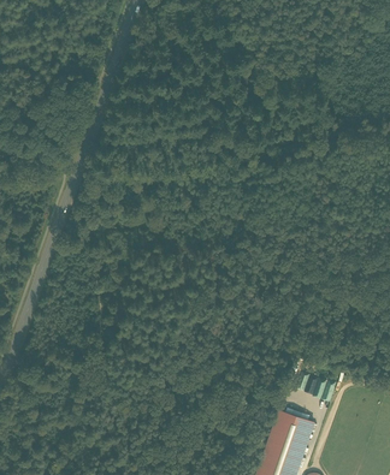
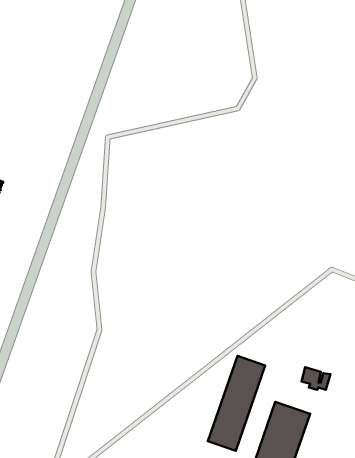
building: none -> [208,356,265,451]

